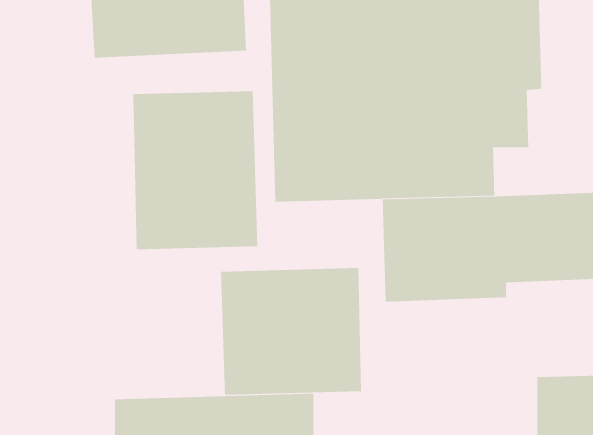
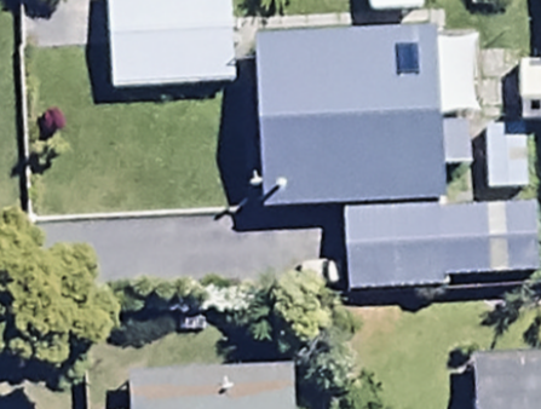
building: [133,90,258,250] -> none
building: [221,267,361,396] -> none

